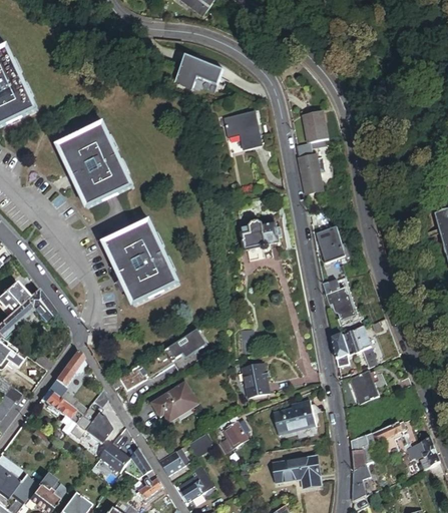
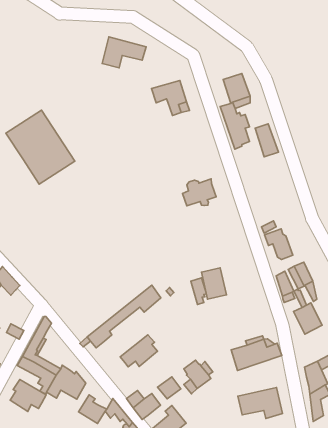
building: [107,223,177,304] -> none
building: [317,229,339,265] -> [255,124,278,157]
building: [249,364,273,396] -> [201,268,226,299]
building: none -> [10,379,46,411]

